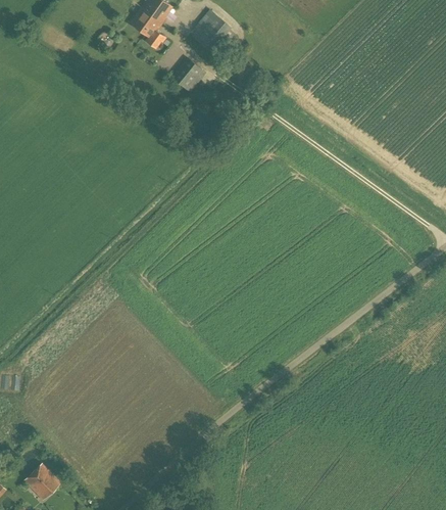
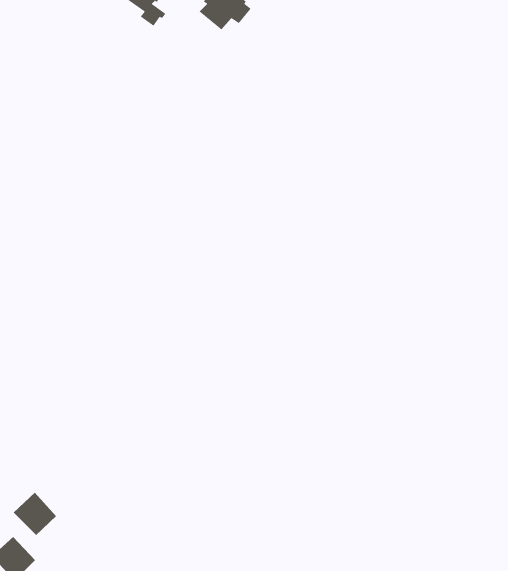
building: [175,60,206,92] -> none
building: none -> [13,492,57,536]

